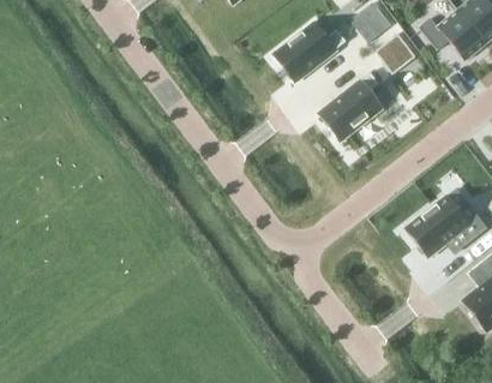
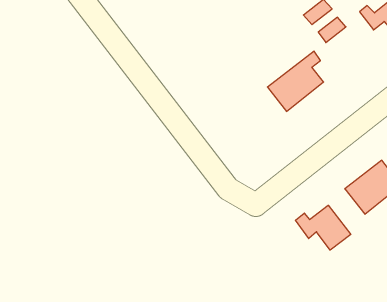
building: [272,22,347,82] -> none
building: none -> [295,205,351,250]

